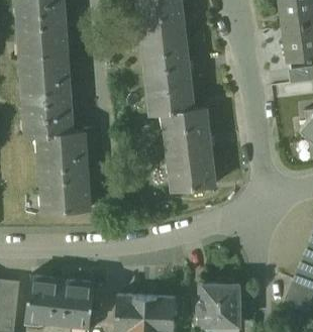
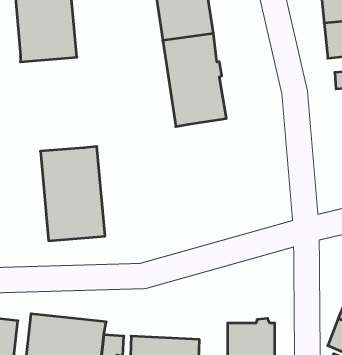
building: [20,58,75,139] -> none
building: [165,108,218,192] -> none

